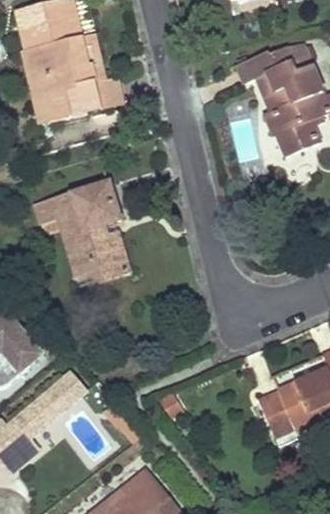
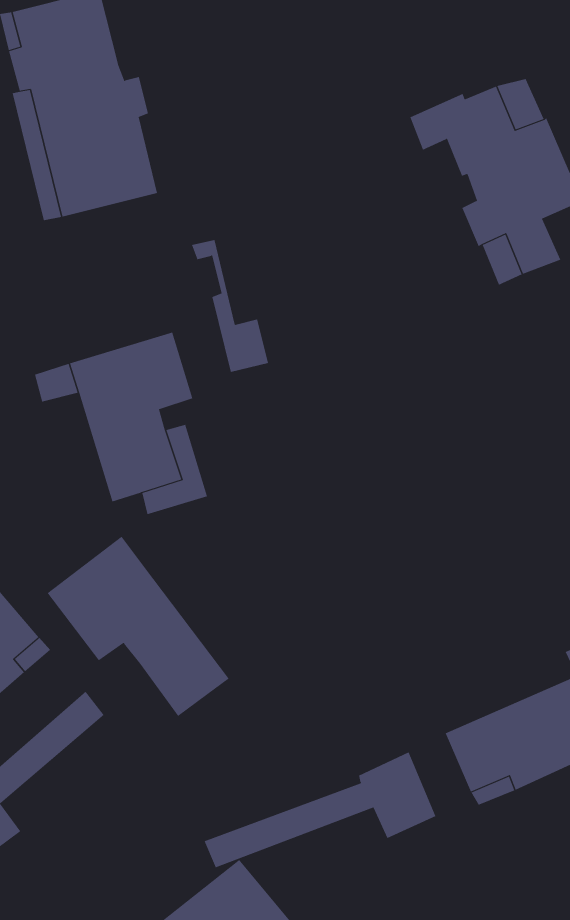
building: [80,33,122,105] -> [191,239,269,373]
building: none -> [47,536,230,717]
building: none -> [204,751,436,868]

